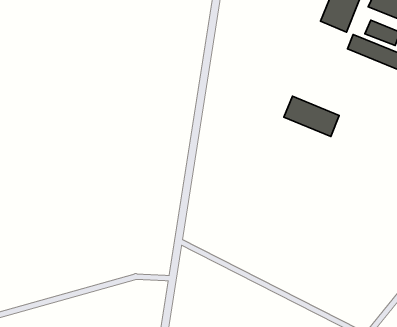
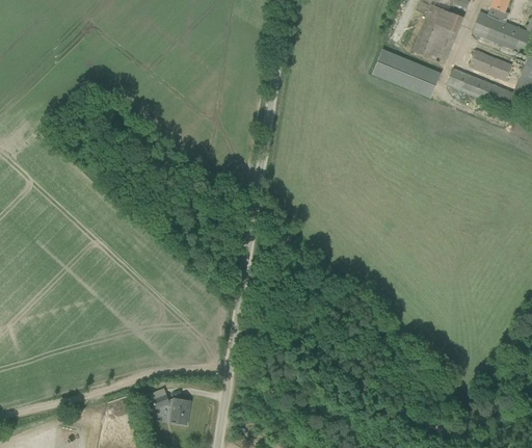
building: [284,96,339,136] -> [372,48,441,98]
building: none -> [153,394,191,424]

